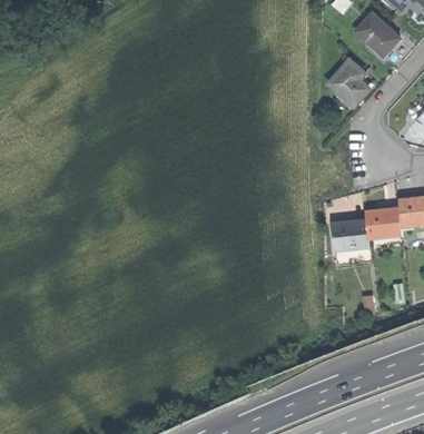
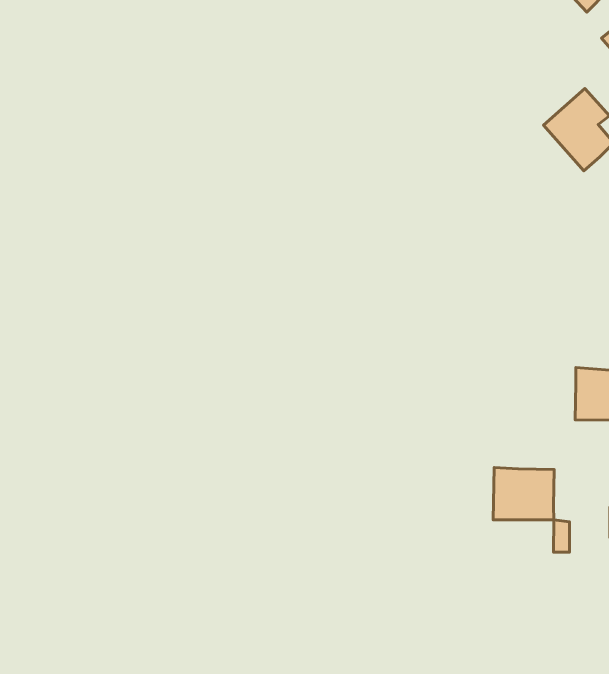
building: [332,221,368,254] -> [493,468,554,520]

